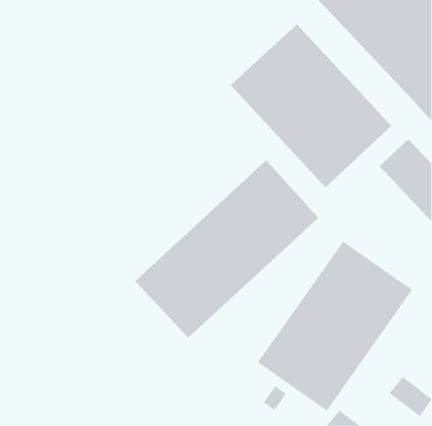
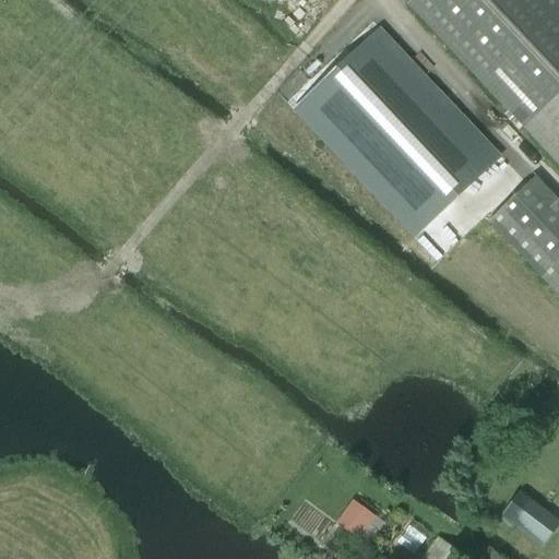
building: [135,160,319,339] -> none
building: [257,241,413,412] -> none

